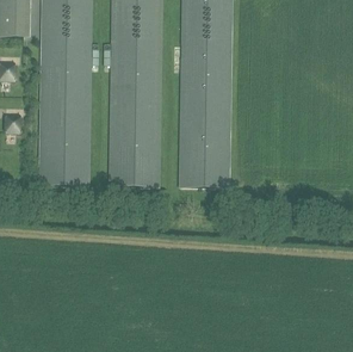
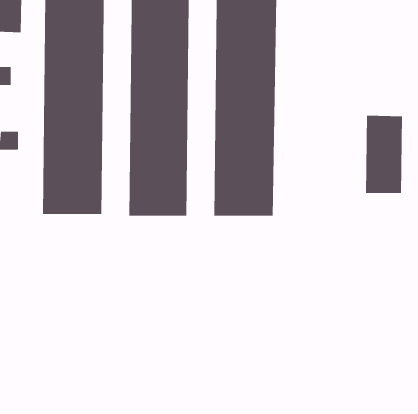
building: none -> [366,115,402,194]

